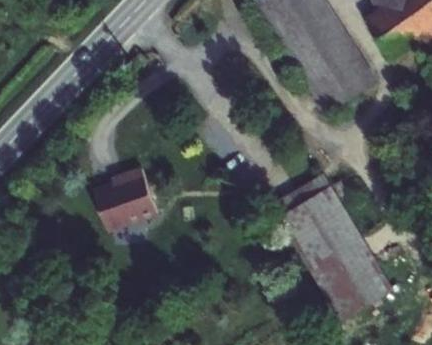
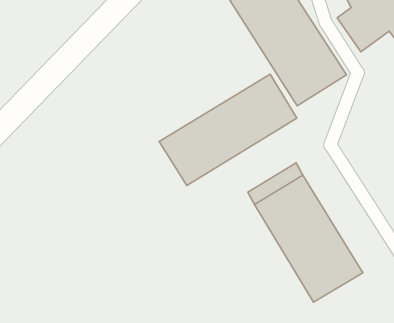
building: none -> [159,74,297,186]
building: [92,167,156,229] -> none

